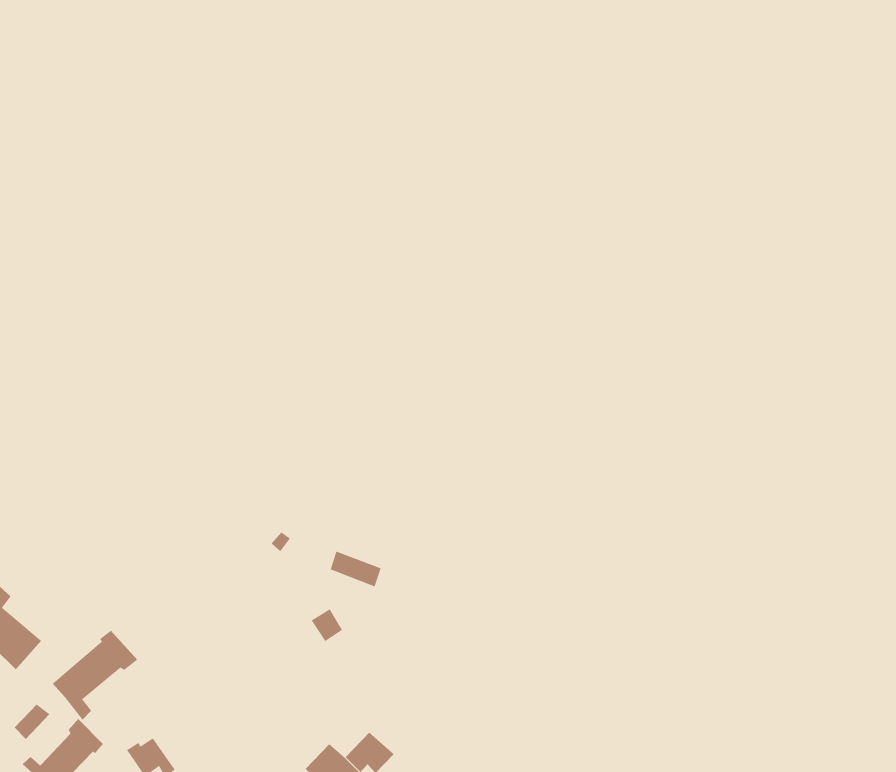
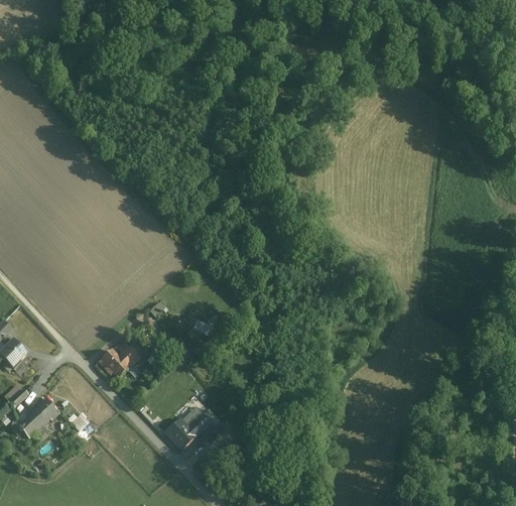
building: none -> [99,348,139,379]
building: [52,630,138,720] -> none

